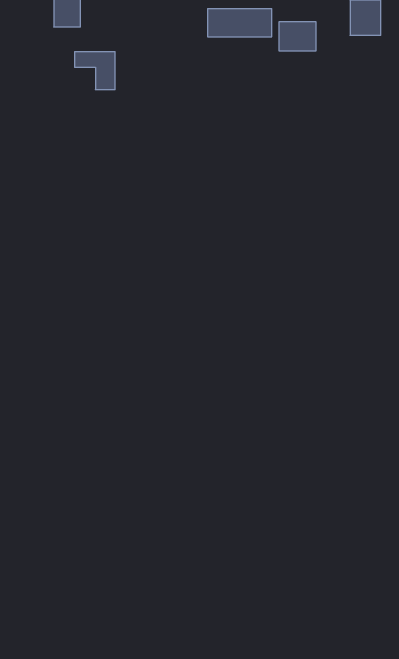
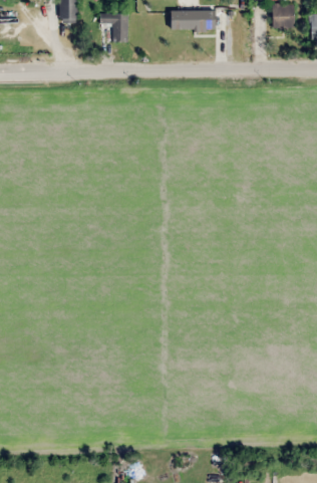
building: [279,22,316,51] -> none
building: [75,52,115,90] -> [98,14,127,41]

